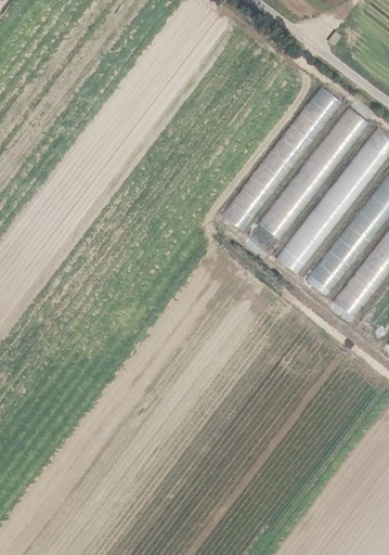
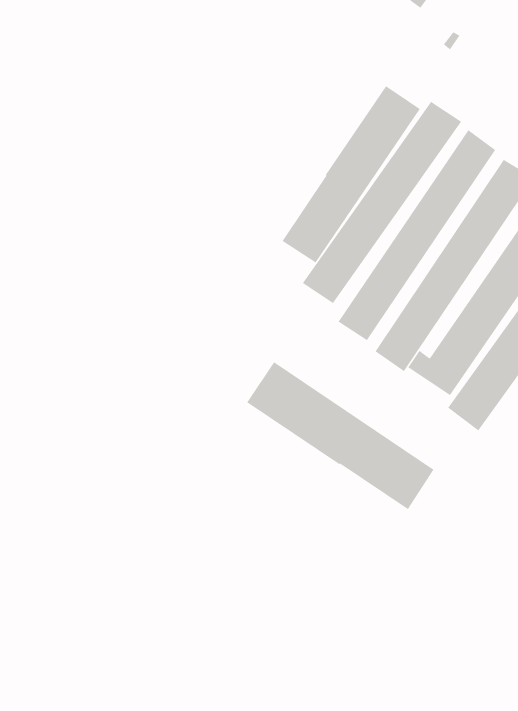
building: none -> [281,85,421,264]
building: none -> [246,361,435,510]

